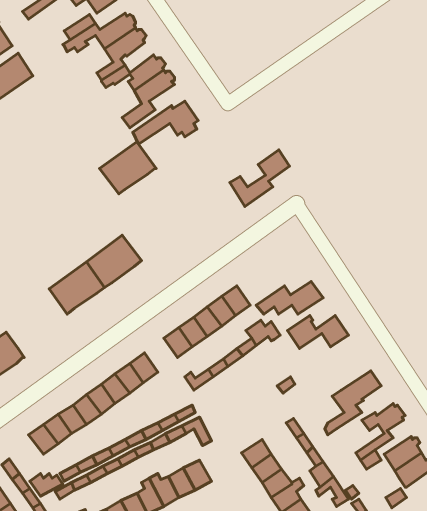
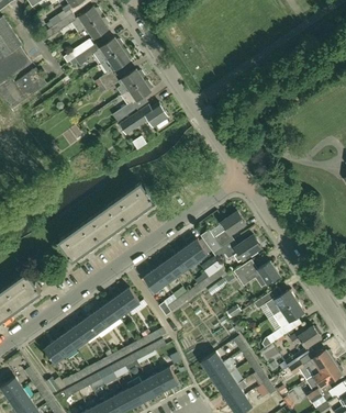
building: [100,142,156,194] -> [113,181,155,220]
building: [230,150,289,206] -> [201,211,245,253]
building: none -> [254,290,297,315]

